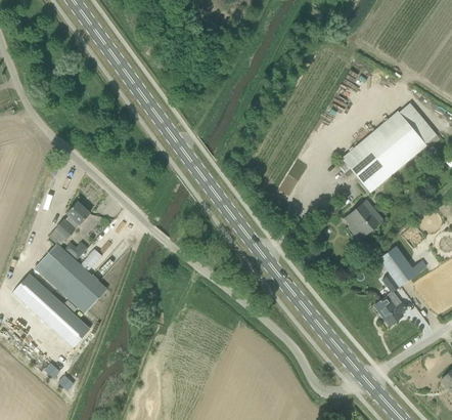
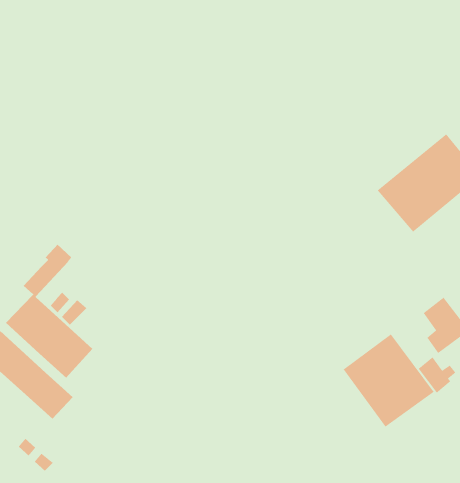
building: [345,200,378,235] -> none
building: none -> [343,334,435,428]

